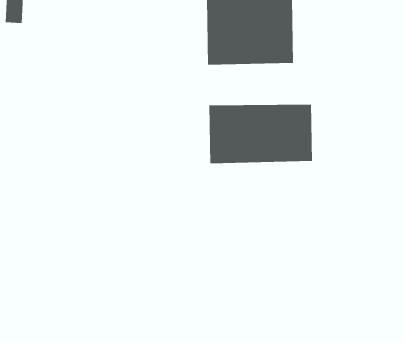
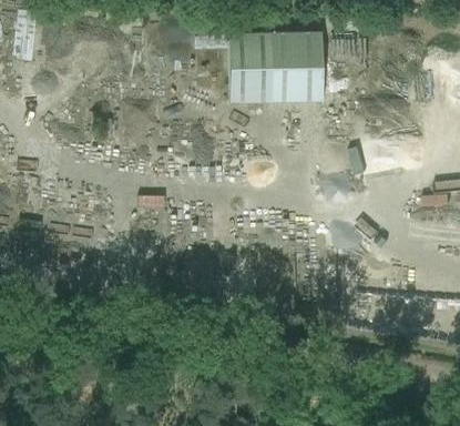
building: [209,104,312,164] -> none

